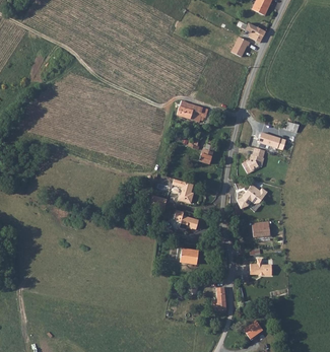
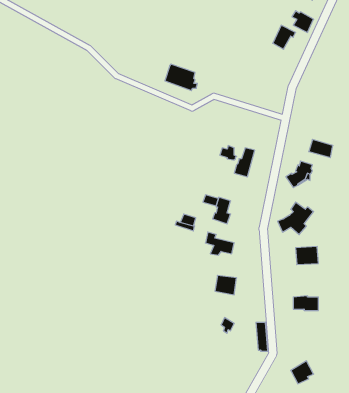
building: [177,99,204,122] -> [165,64,197,91]

